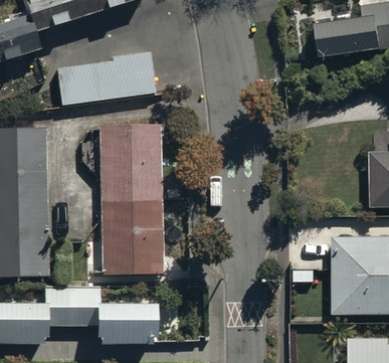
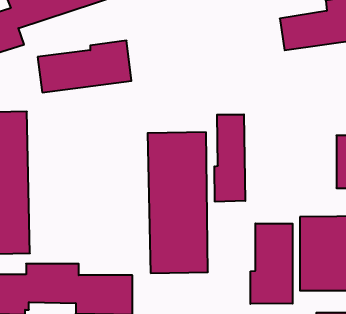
building: [99,124,162,271] -> [148,132,208,273]
building: none -> [214,114,245,202]
building: none -> [250,223,293,304]

